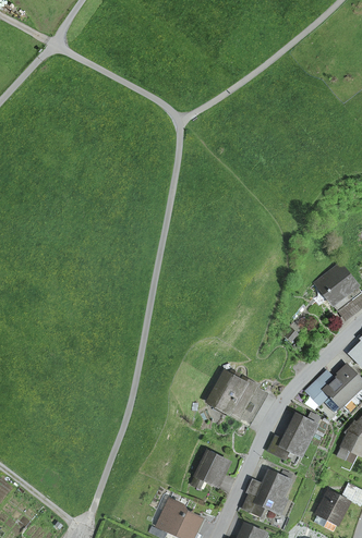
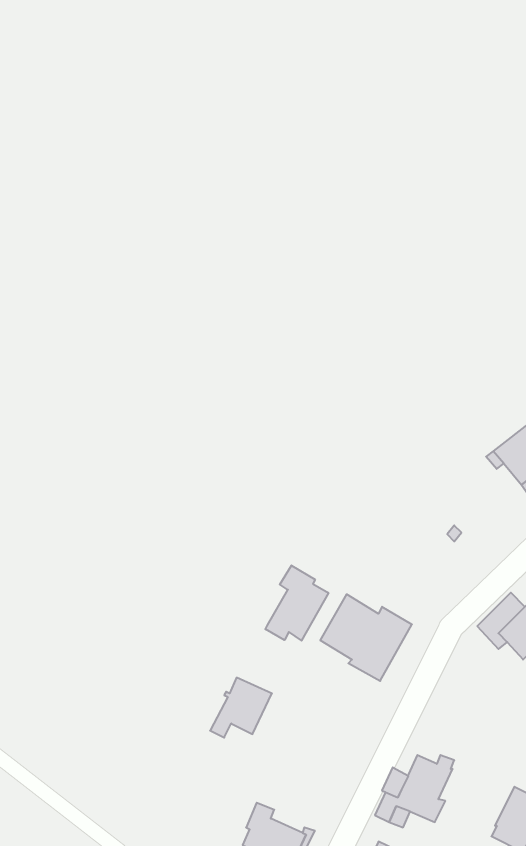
building: none -> [265,565,328,641]
building: [268,413,319,458] -> none
building: [191,451,229,488] -> [210,678,272,738]

